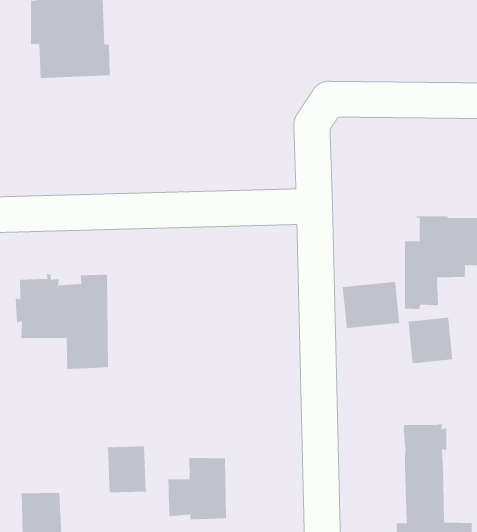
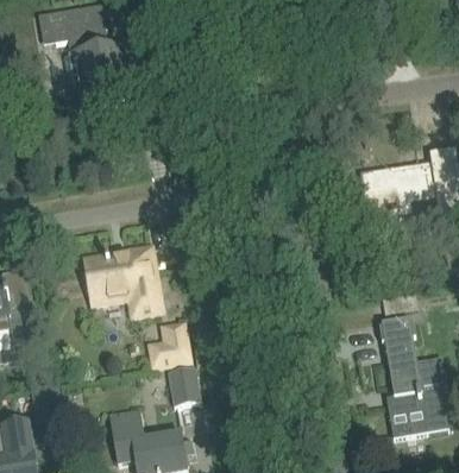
building: [342,281,400,329] -> none
building: [408,317,453,364] -> none
building: [167,458,227,520] -> [146,320,194,368]

